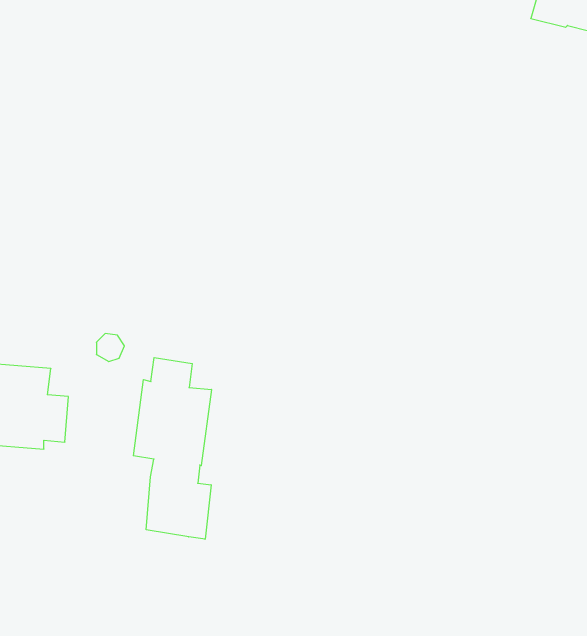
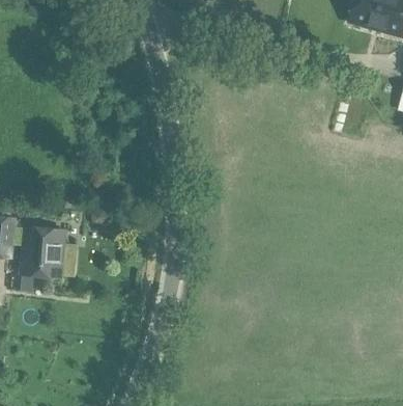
building: [133,358,211,539] -> none

